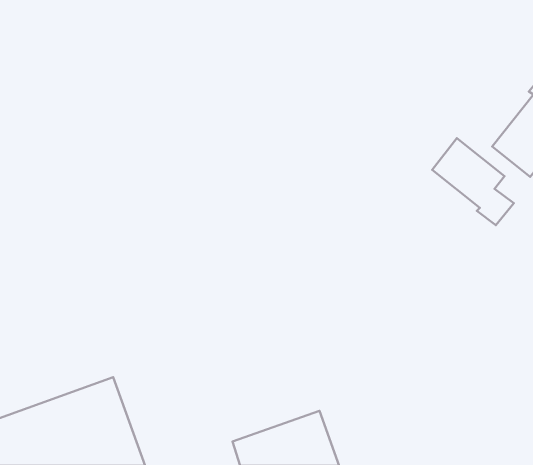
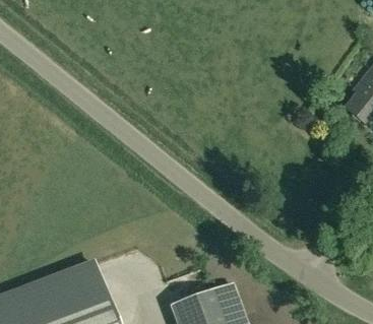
building: [432,138,514,225] -> none

